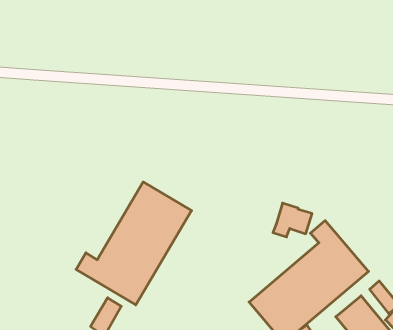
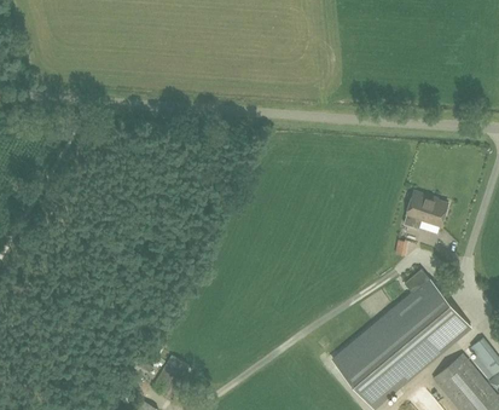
building: [76,182,192,305] -> none
building: [273,203,312,237] -> [402,190,447,229]

